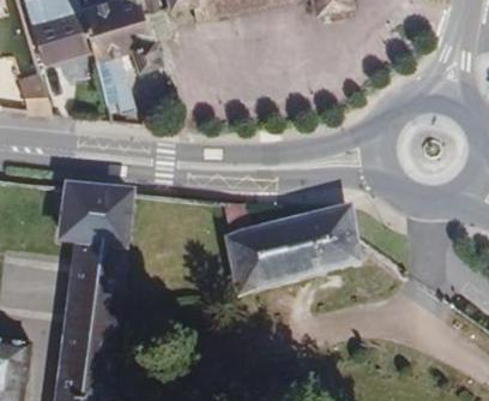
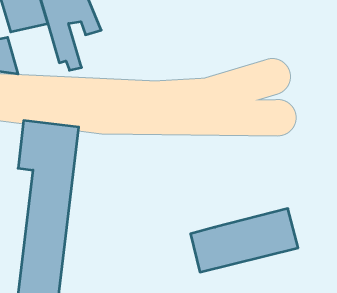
building: [224,204,362,286] -> [191,209,298,272]

